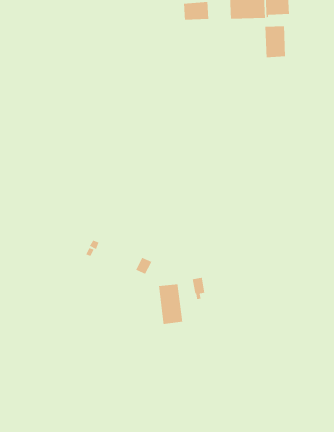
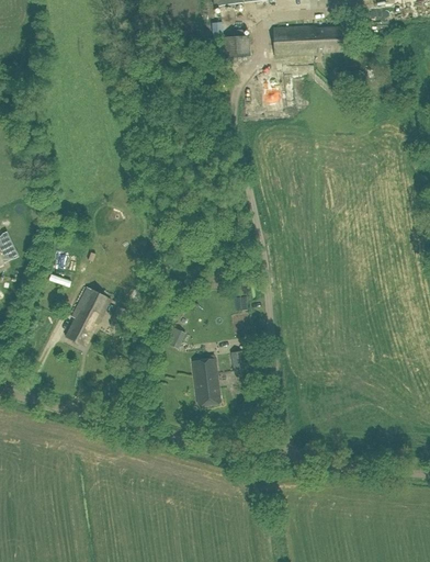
building: [264,26,286,58] -> none
building: none -> [65,288,111,348]

